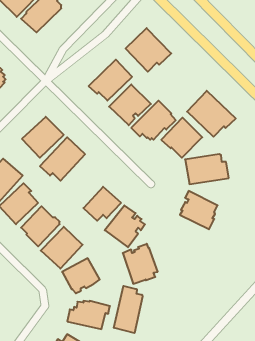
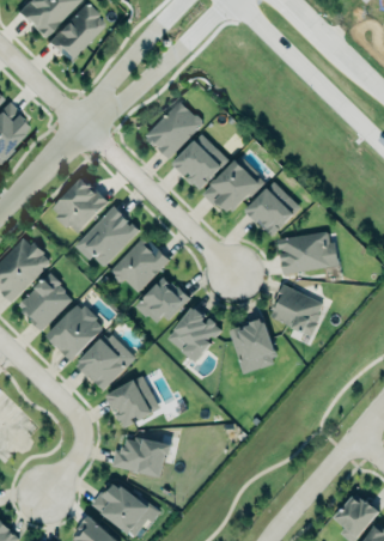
building: [126,28,171,72] -> none
building: [187,91,236,137] -> none
building: none -> [110,237,170,292]
building: [123,244,158,284] -> [228,316,278,372]
building: [114,286,143,333] -> none

